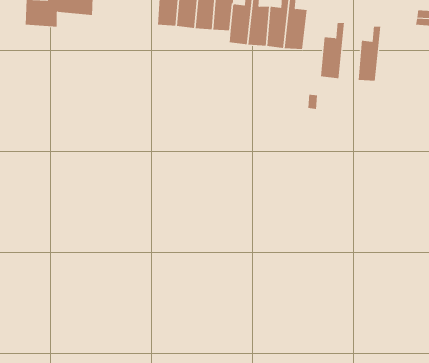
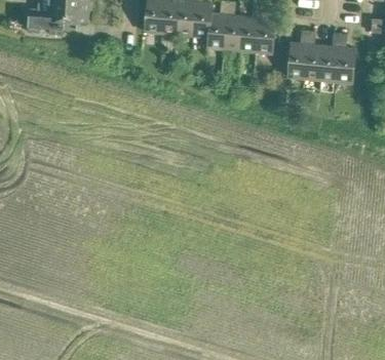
building: none -> [303,29,322,79]
building: none -> [335,32,355,82]

